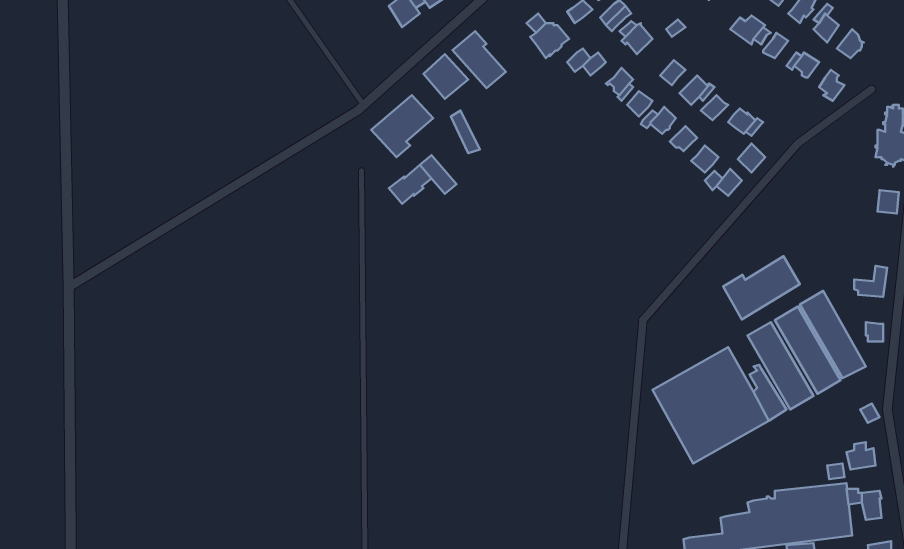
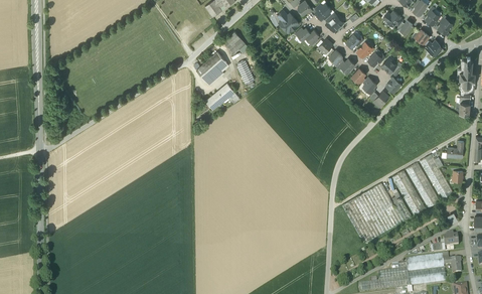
building: [453,31,506,88] -> none
building: [723,256,800,320] -> none

